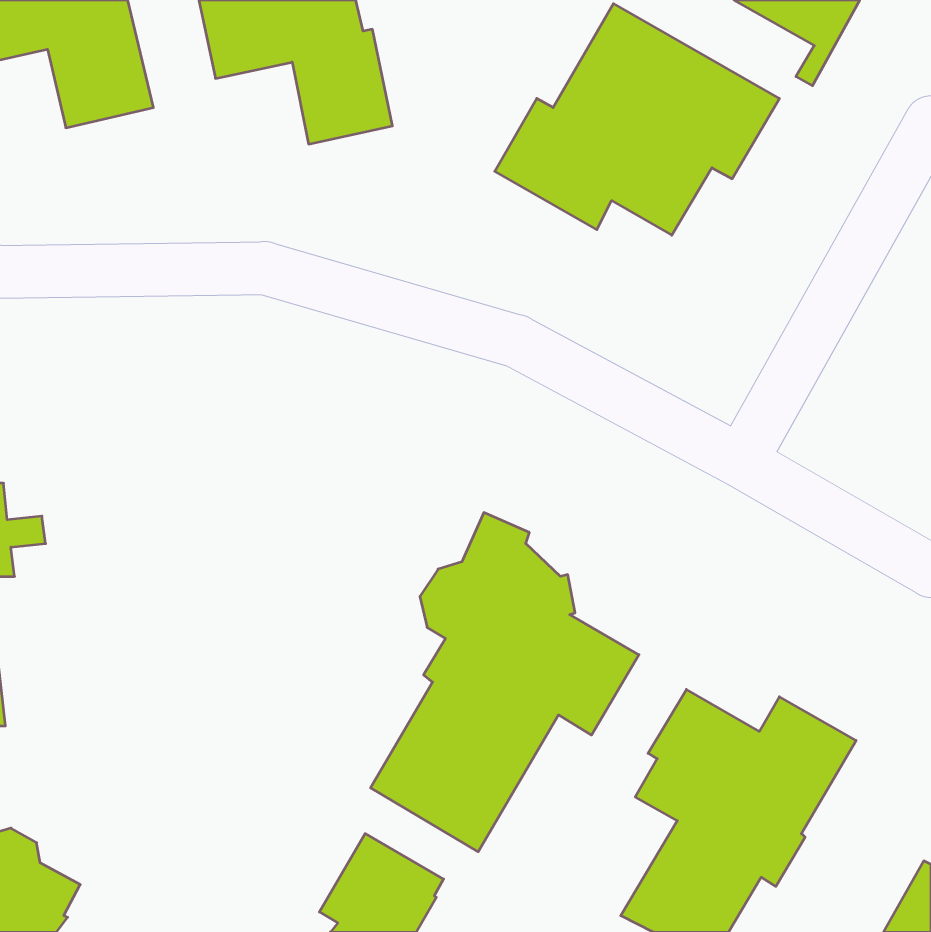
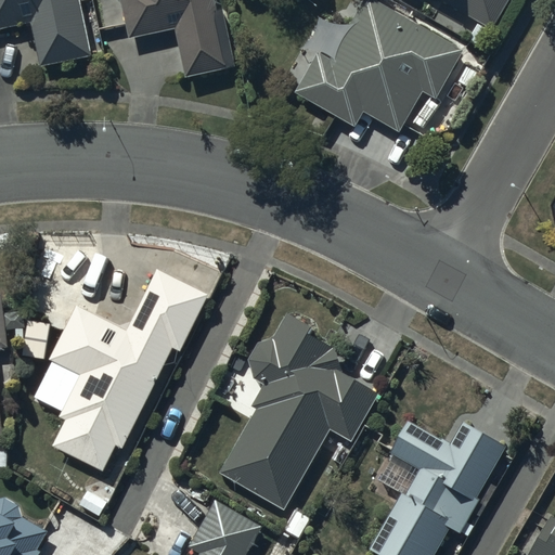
building: none -> [50,264,209,466]

